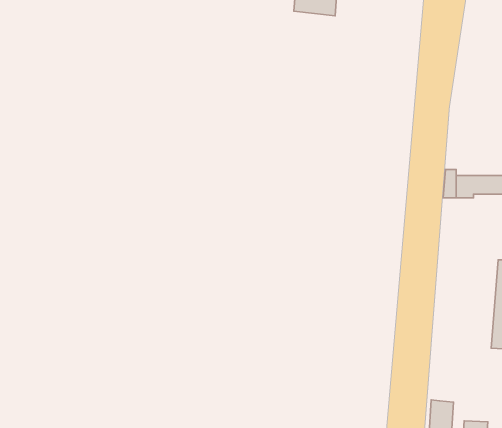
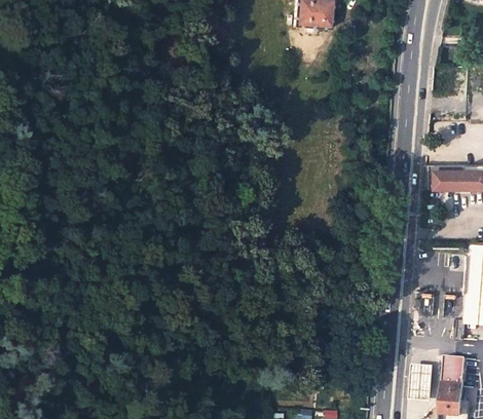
building: none -> [448,356,471,385]

